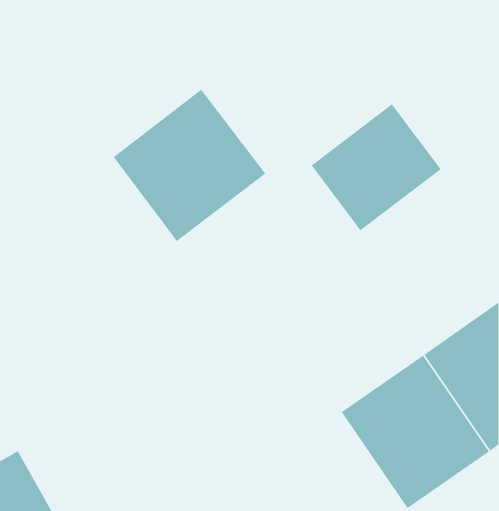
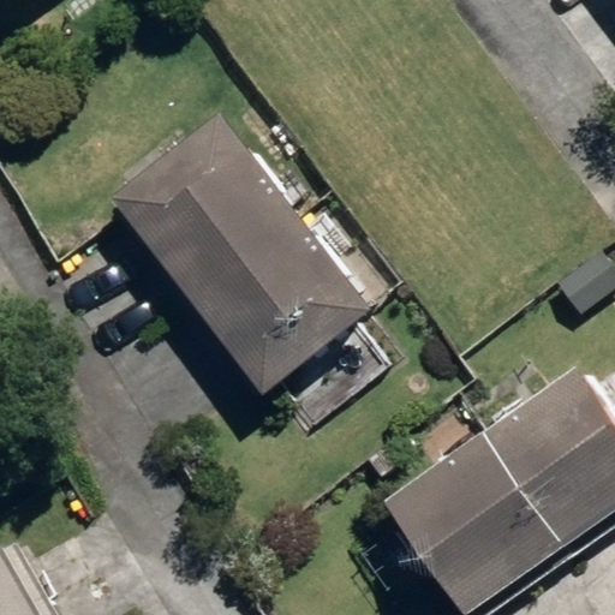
building: [311,103,441,231] -> none
building: none -> [210,211,389,387]

